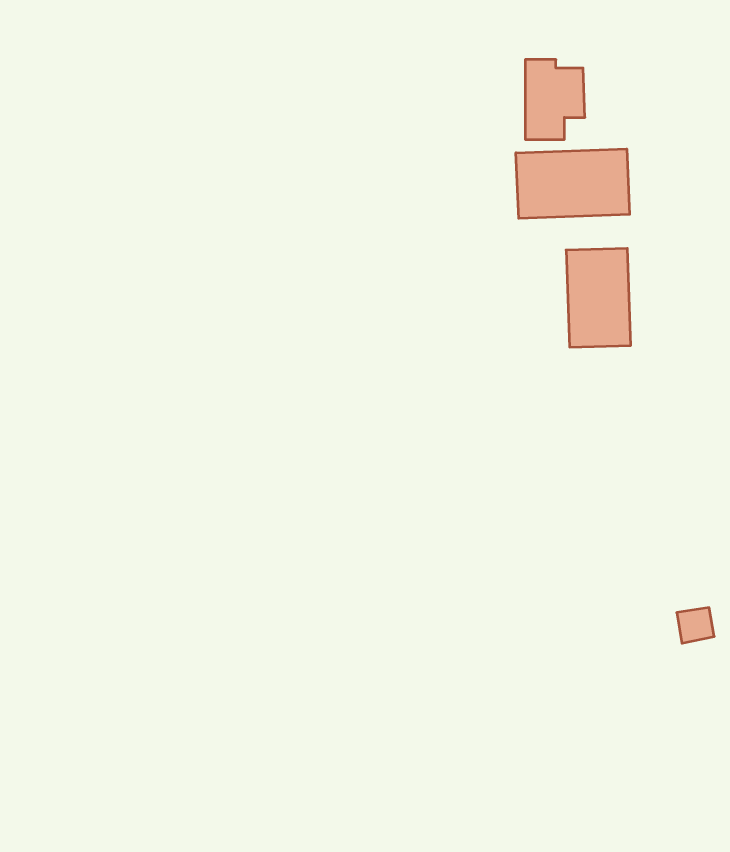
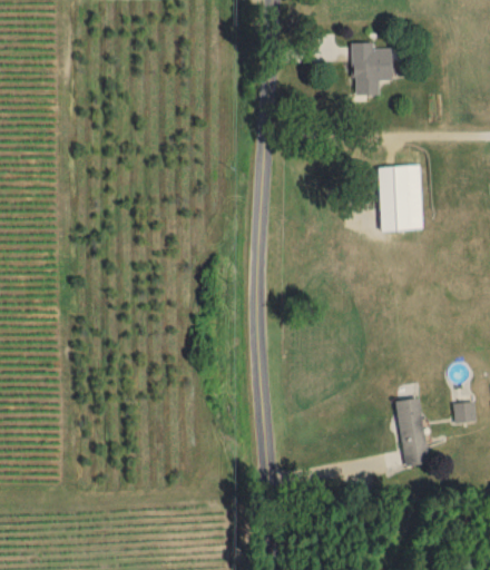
building: [516,149,630,218] -> none
building: none -> [394,397,427,465]

